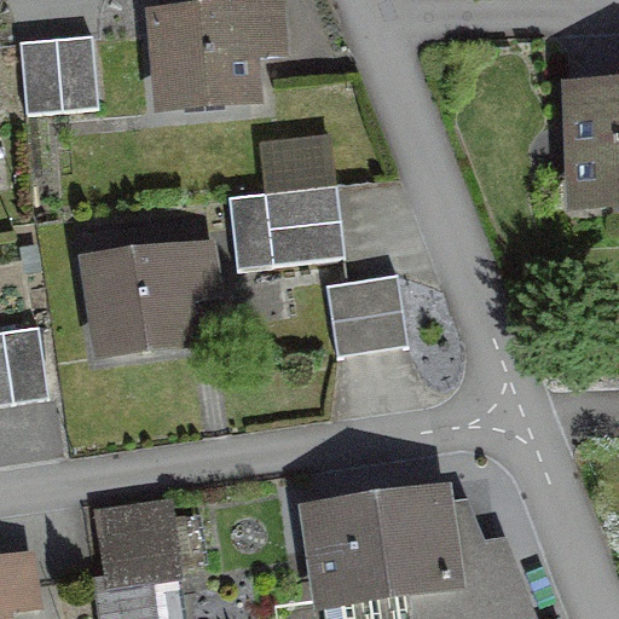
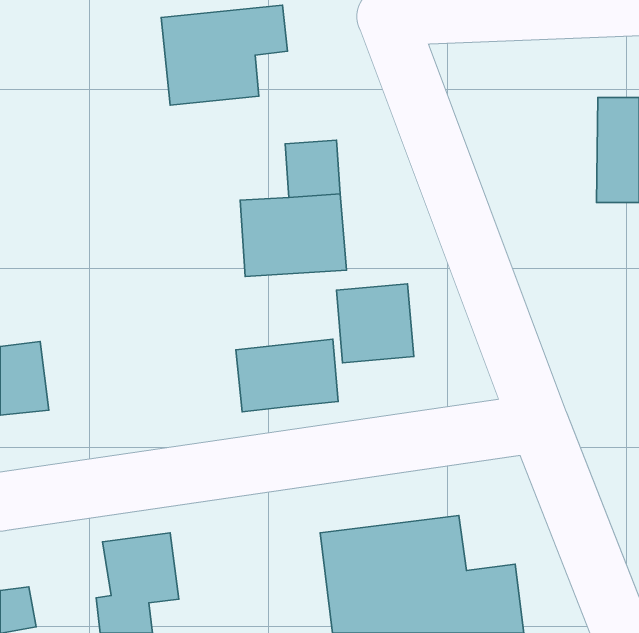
building: [22,39,99,114] -> none
building: [88,248,216,348] -> none
building: none -> [236,339,338,412]

